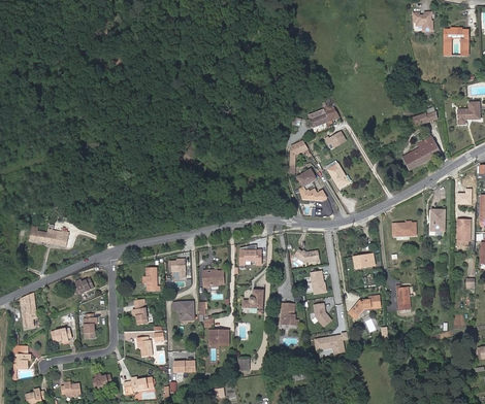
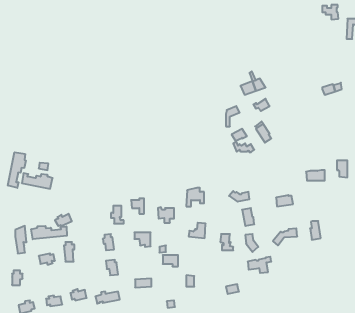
building: [401,136,440,169] -> none
building: none -> [8,152,26,188]
building: none -> [31,226,67,239]

